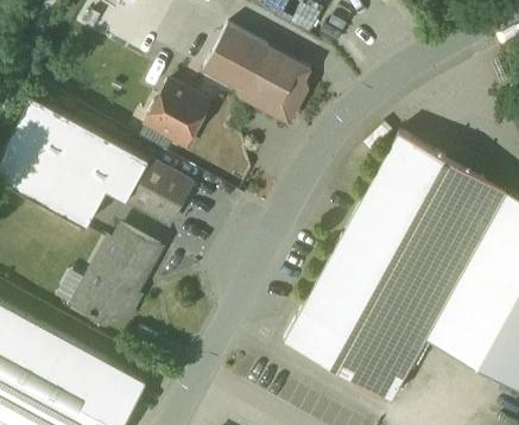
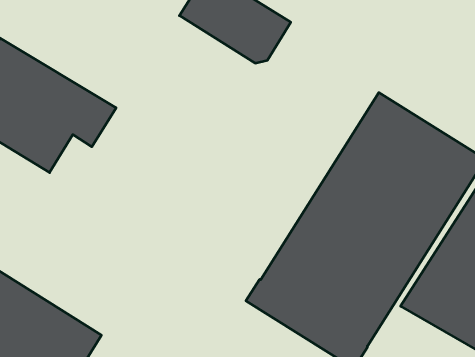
building: [147,81,209,144] -> none
building: [126,159,192,224] -> none
building: [75,226,160,321] -> none

